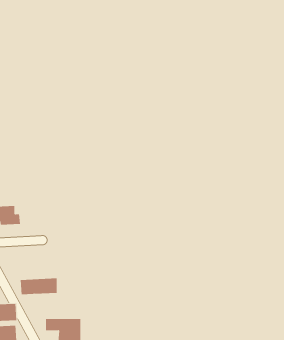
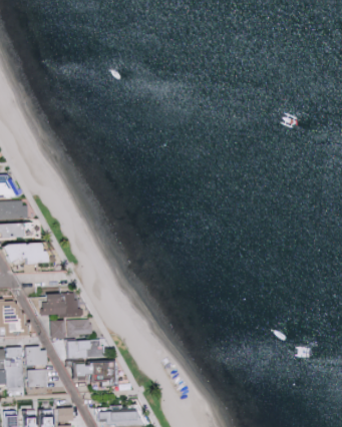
building: none -> [38,294,80,318]
building: none -> [64,341,89,359]

